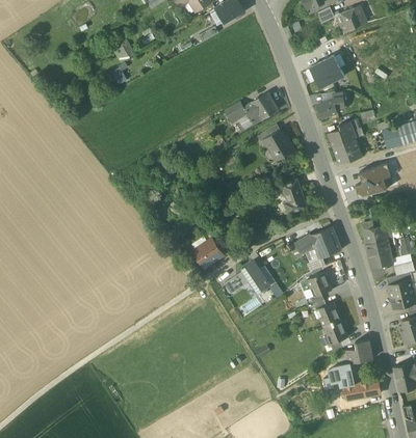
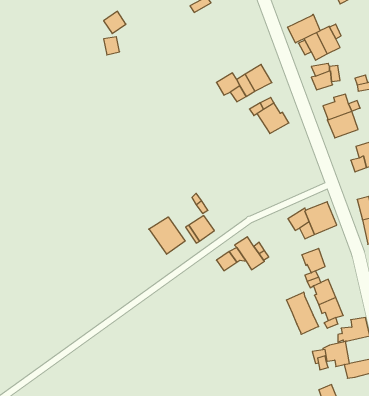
building: none -> [288,14,320,43]
building: [284,180,308,214] -> none
building: none -> [149,217,185,254]
building: none -> [286,292,319,334]

